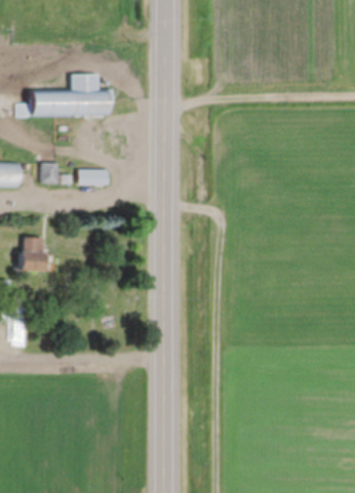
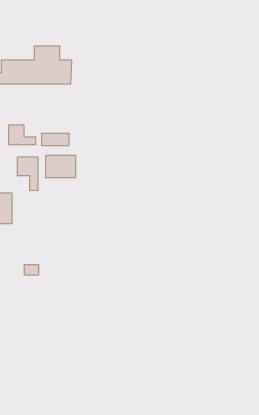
building: none -> [46,155,76,178]
building: none -> [18,157,38,191]

